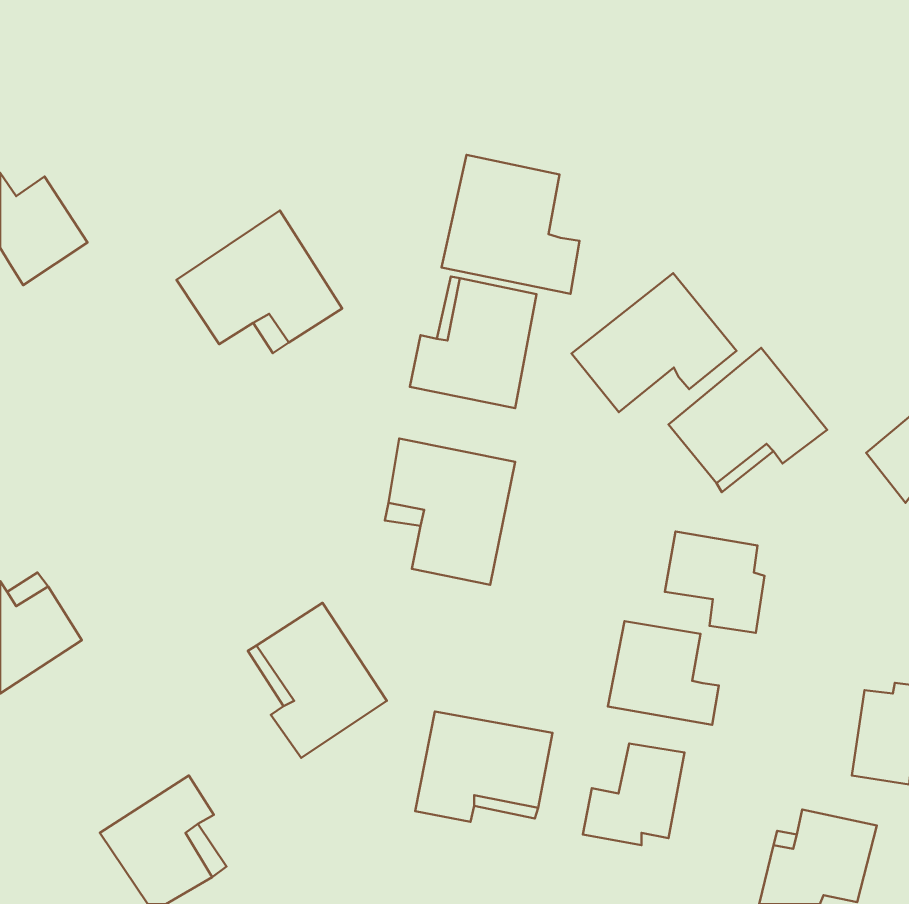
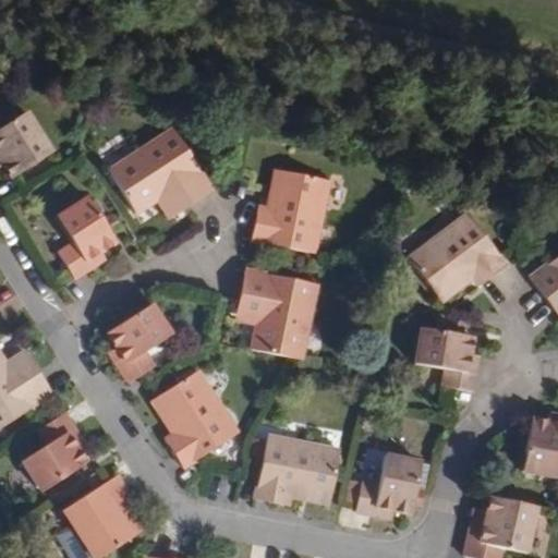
building: [442,155,579,294] -> none
building: [572,273,737,412] -> none
building: none -> [54,196,113,275]
building: none -> [106,302,170,379]
building: [608,621,719,725] -> none
building: none -> [22,411,86,488]

